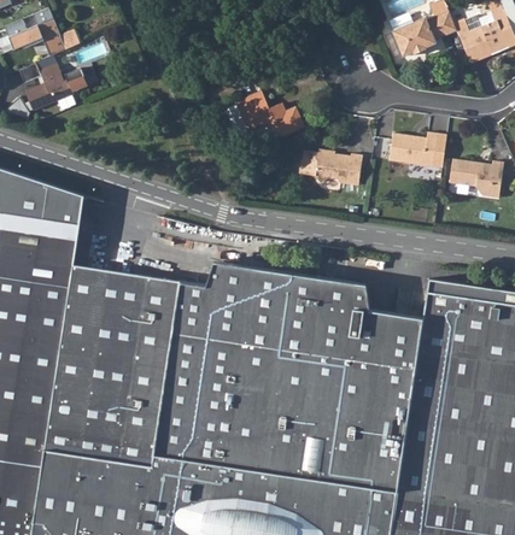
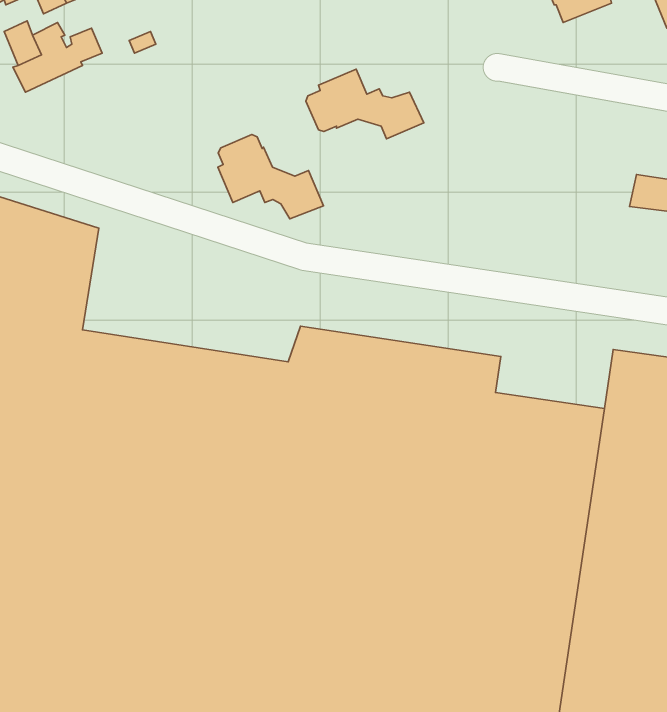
building: [386,131,445,166] -> none
building: none -> [218,135,323,219]
building: [295,151,359,187] -> none

